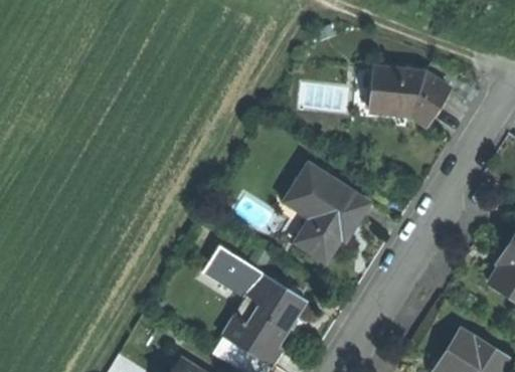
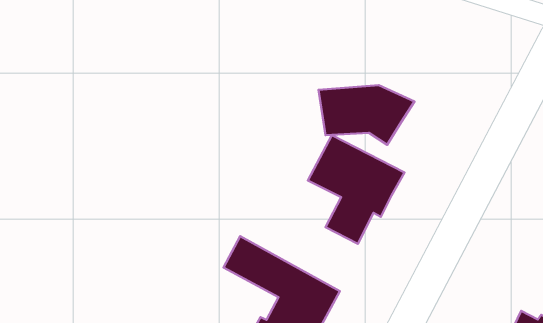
building: [367,69,451,123] -> [319,85,415,145]

